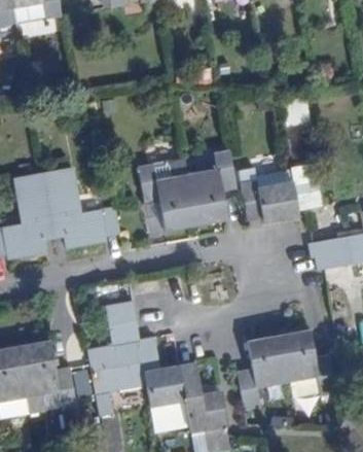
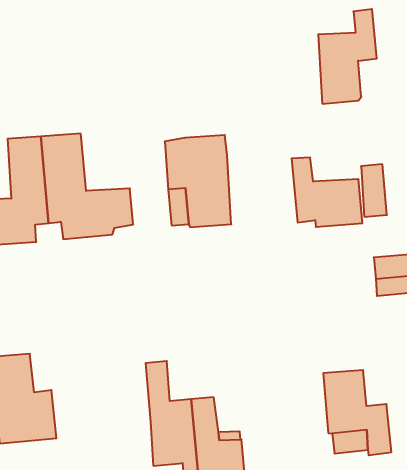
building: [188,149,235,227] -> [318,9,377,104]
building: [88,302,148,418] -> none
building: [239,336,287,410] -> none

